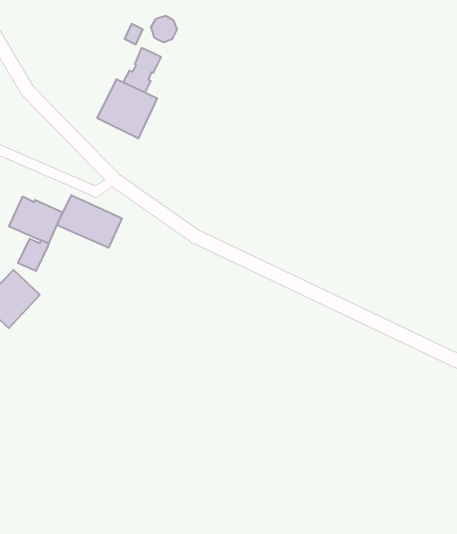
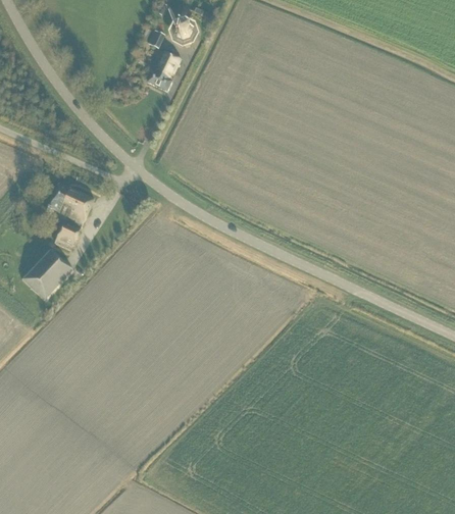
building: [97,79,157,139] -> none
building: [57,195,122,248] -> none

